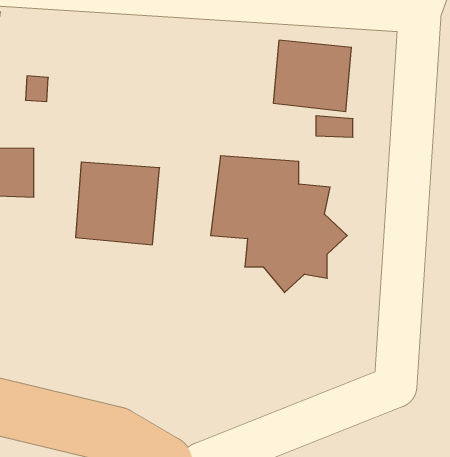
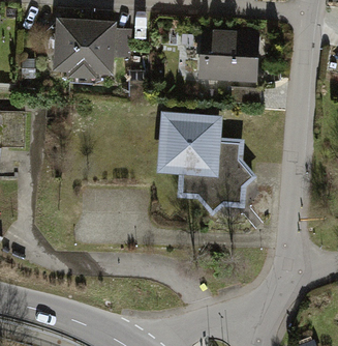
building: [76,162,160,245] -> [54,23,115,83]

